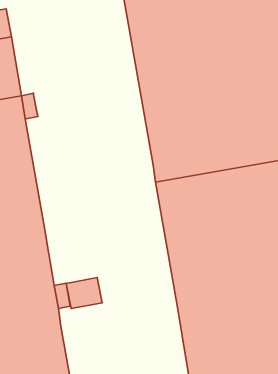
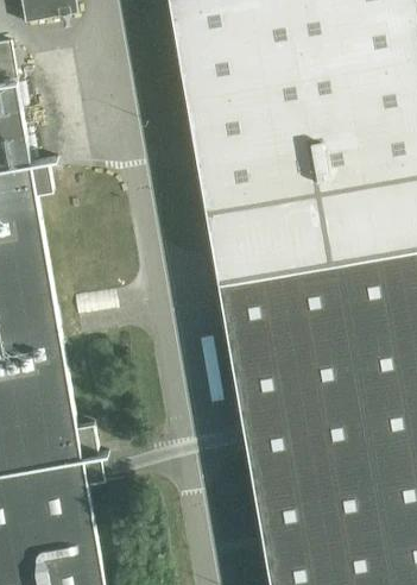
building: [66,278,102,309] -> none

